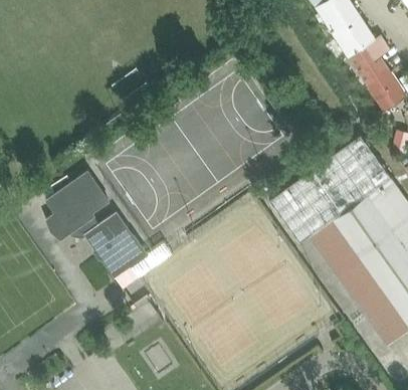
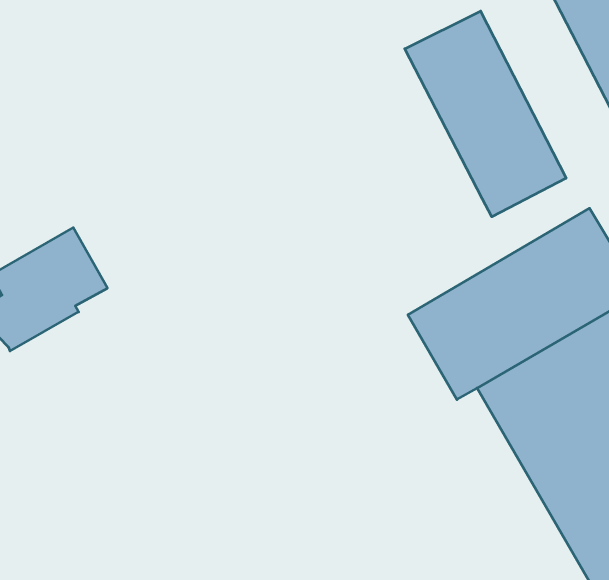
building: none -> [405,11,566,217]
building: [85,213,145,277] -> none

